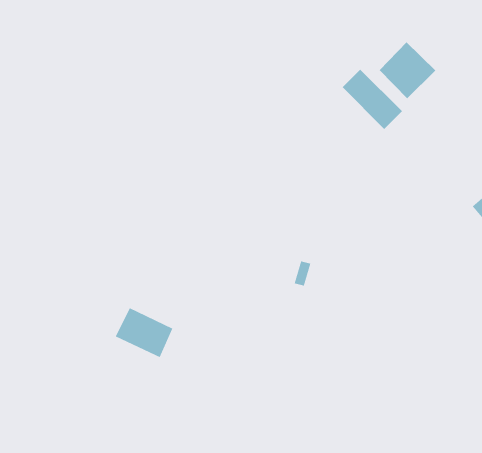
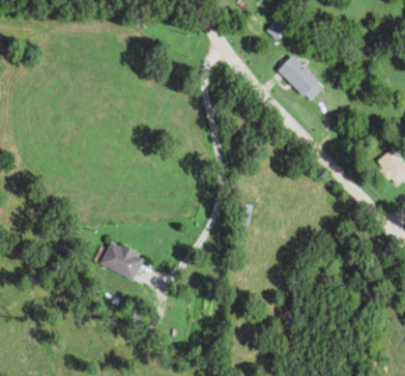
building: [379,42,436,99] -> none

